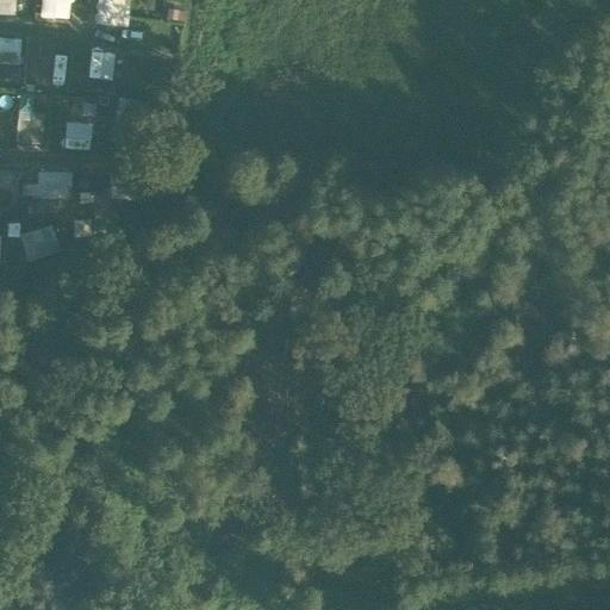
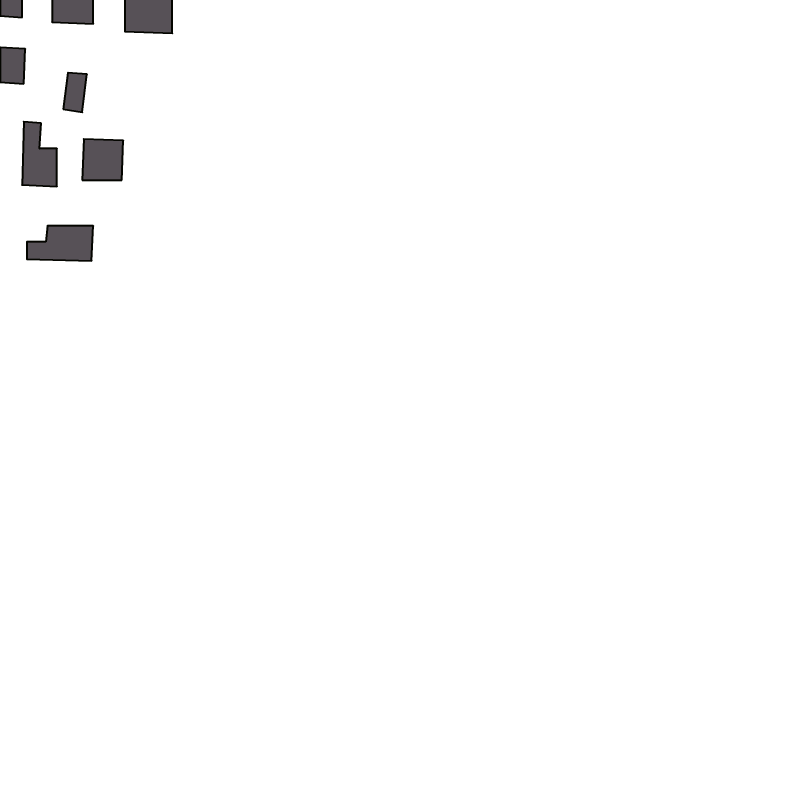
building: [86,50,116,79] -> none
building: [18,224,58,260] -> none

